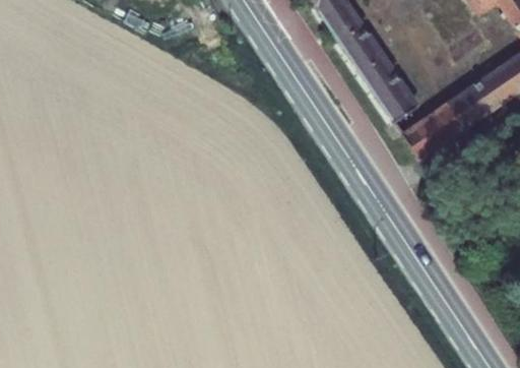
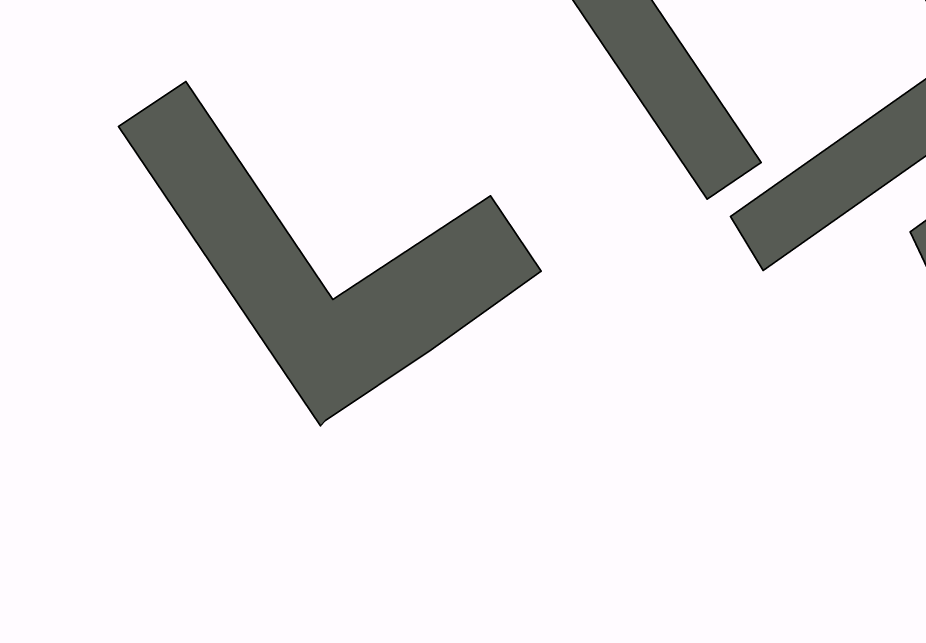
building: none -> [119,82,541,426]

